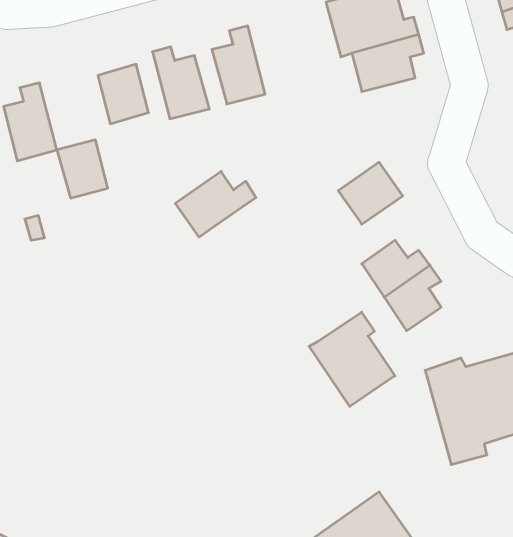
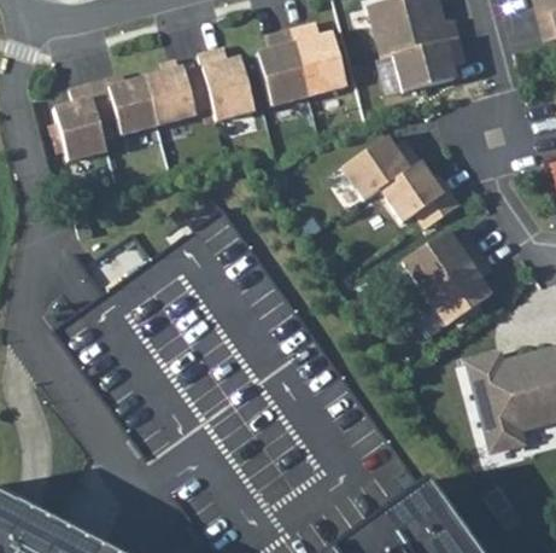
building: none -> [294,24,350,95]
building: [57,140,108,198] -> [111,77,160,134]
building: [175,171,256,237] -> [344,136,422,200]
building: [309,312,395,406] -> none

